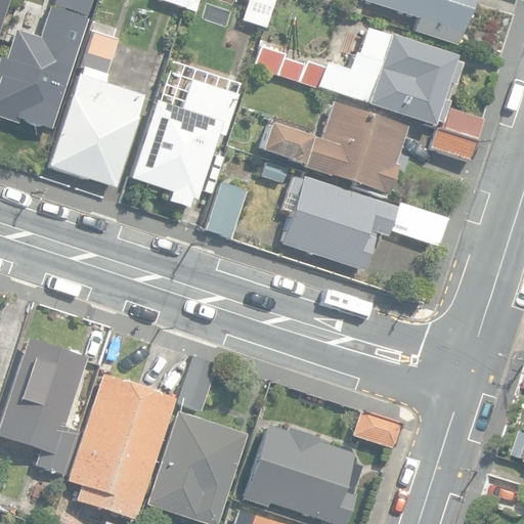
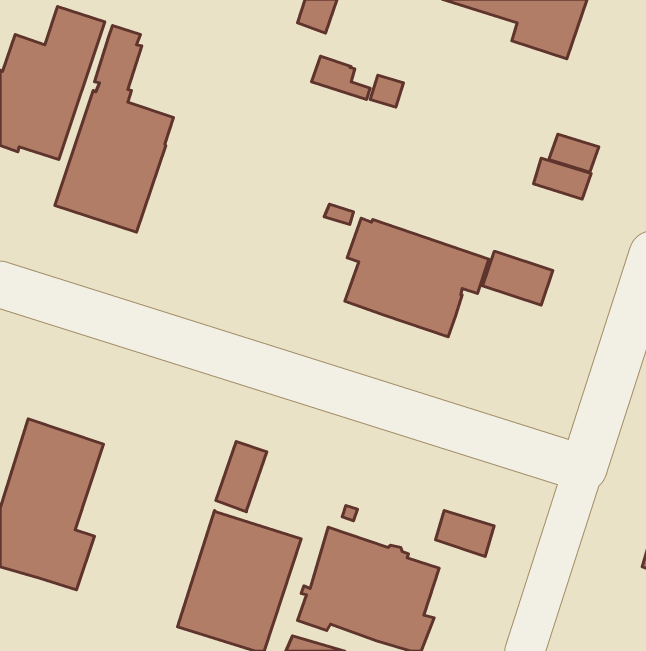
building: [328,33,462,124] -> none
building: [131,45,224,207] -> none
building: [260,101,408,193] -> none
building: [207,179,250,237] -> none
building: [69,373,177,518] -> none

